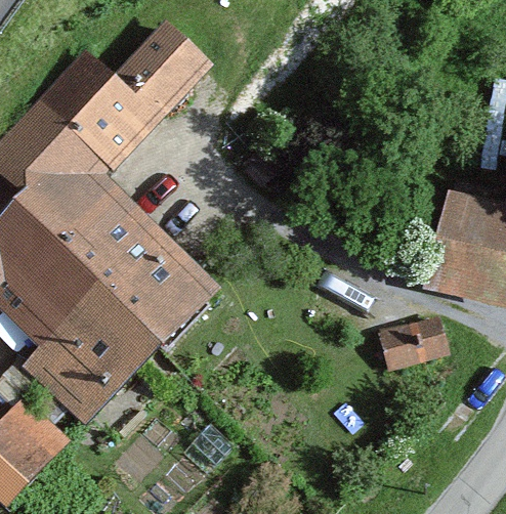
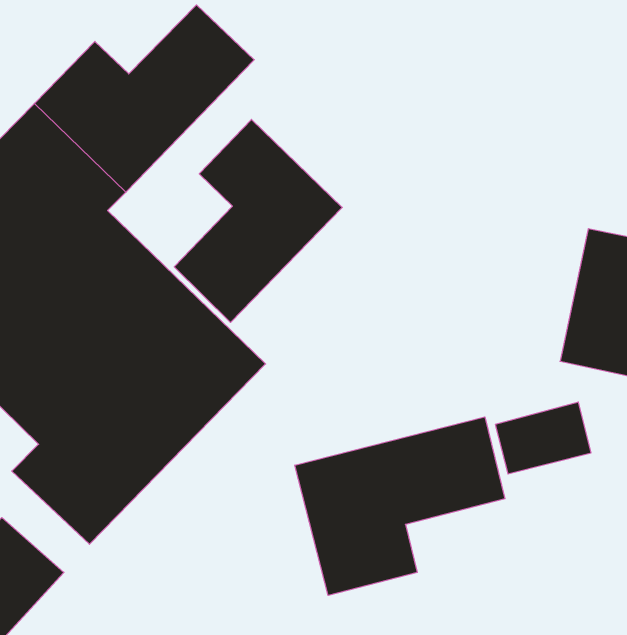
building: none -> [174,119,342,322]
building: none -> [295,417,505,595]

